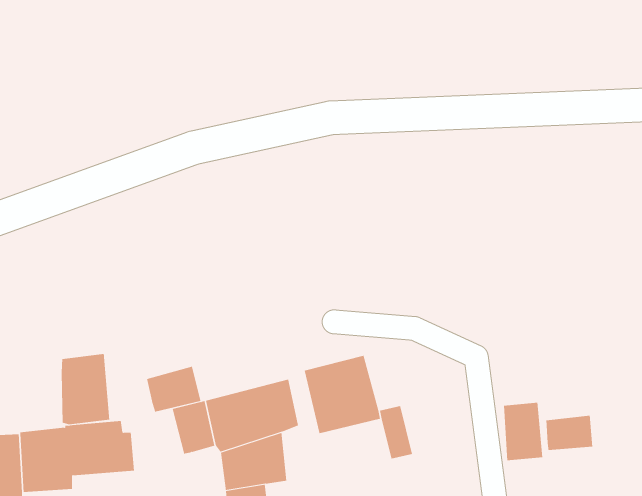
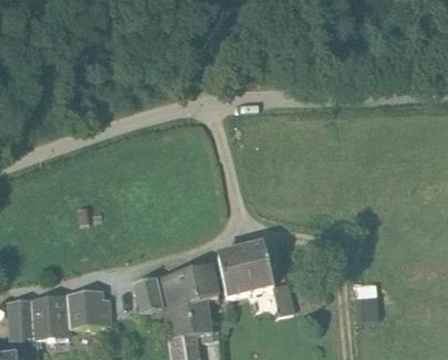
building: [61,353,110,425] -> none
building: [147,366,201,413] -> none
building: [546,415,593,451] -> none

